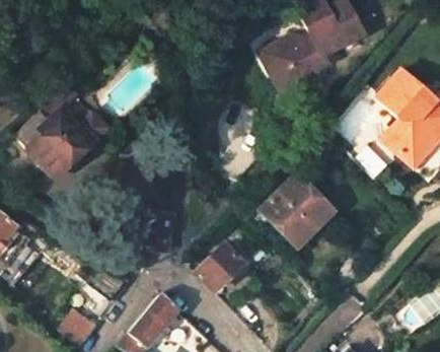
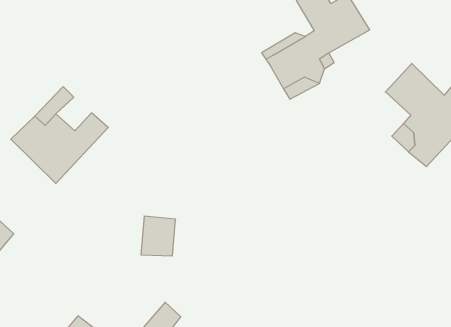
building: [266,178,333,245] -> none
building: [198,247,244,293] -> none

